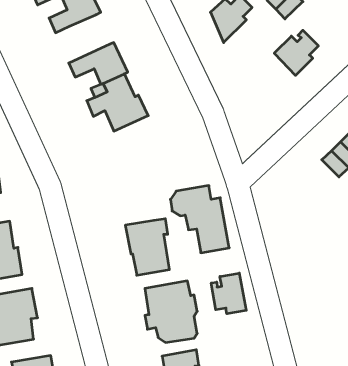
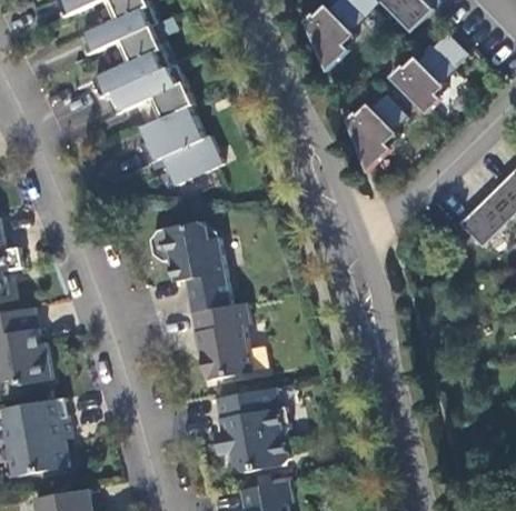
building: none -> [99,27,169,94]
building: none -> [348,94,405,164]
building: [170,186,229,253] -> [149,221,229,312]
building: [211,273,246,314] -> none

